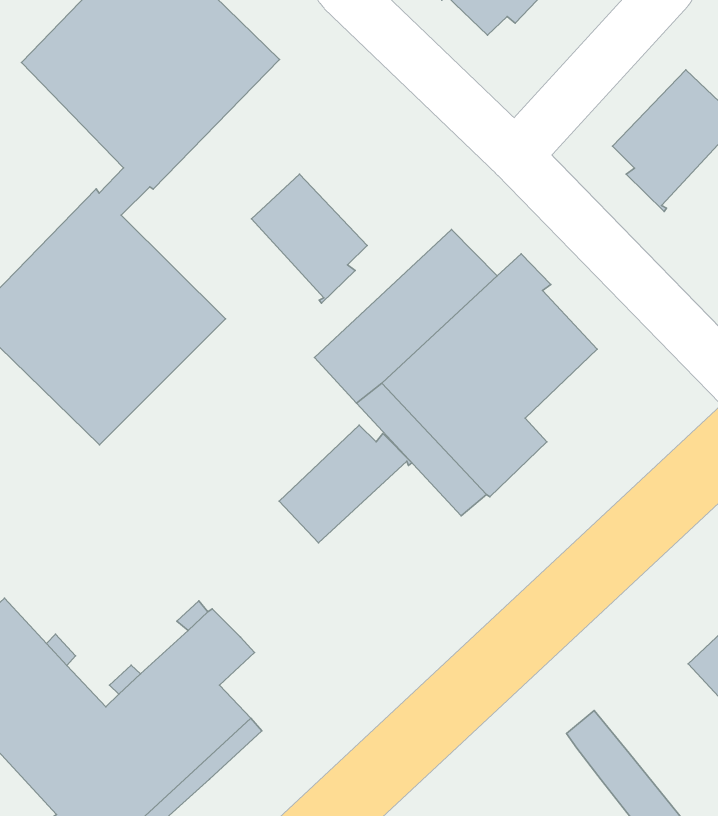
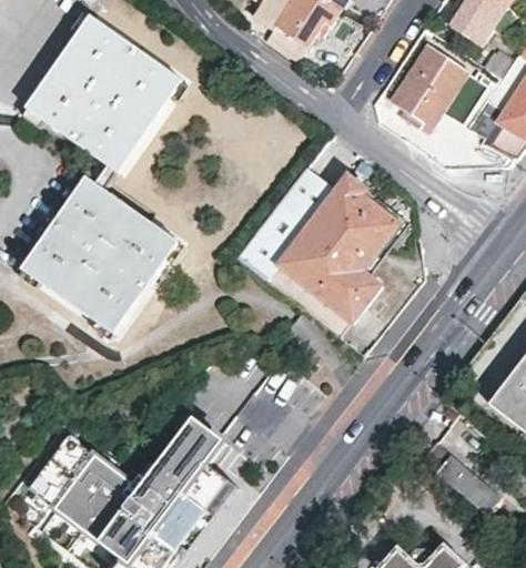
building: [252,174,367,303] -> none
building: [279,425,412,543] -> none

